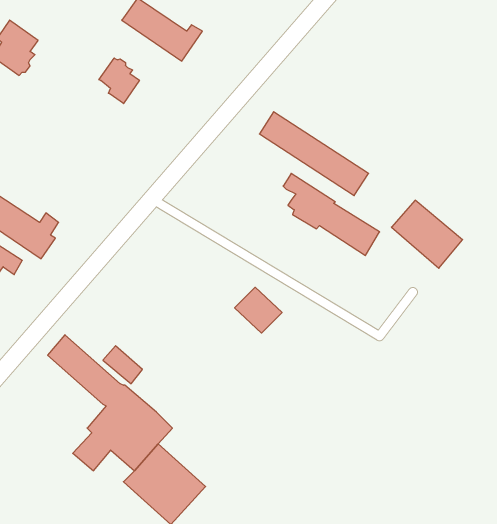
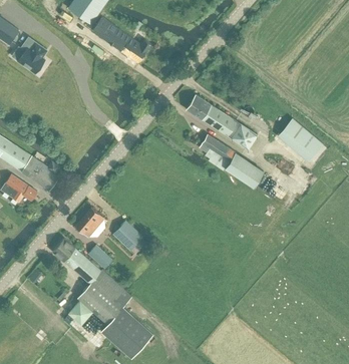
building: [99,58,139,104] -> none
building: [391,200,463,268] -> [277,118,322,161]
building: none -> [75,207,104,237]
building: [235,287,282,333] -> [112,221,142,250]

